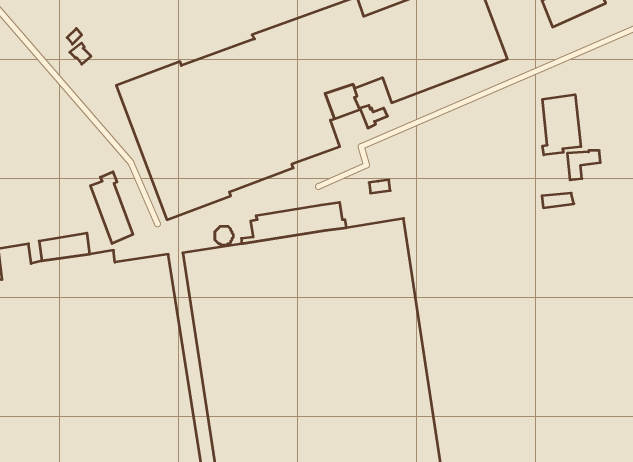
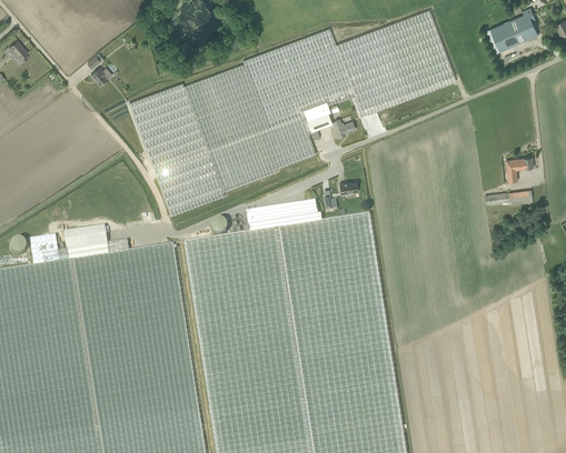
building: [543,95,581,155] -> none
building: [90,172,133,244] -> none

